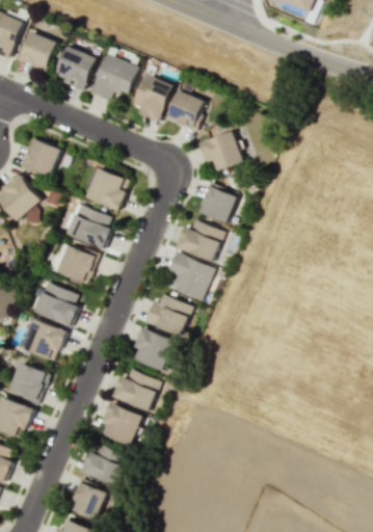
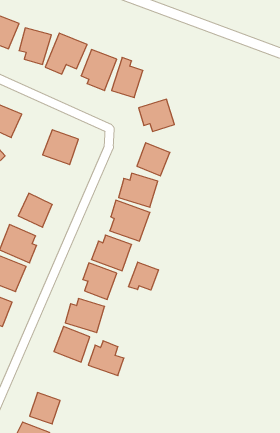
building: [65,205,111,249] -> none
building: none -> [128,262,158,290]
building: [80,445,123,486] -> [88,341,124,376]

